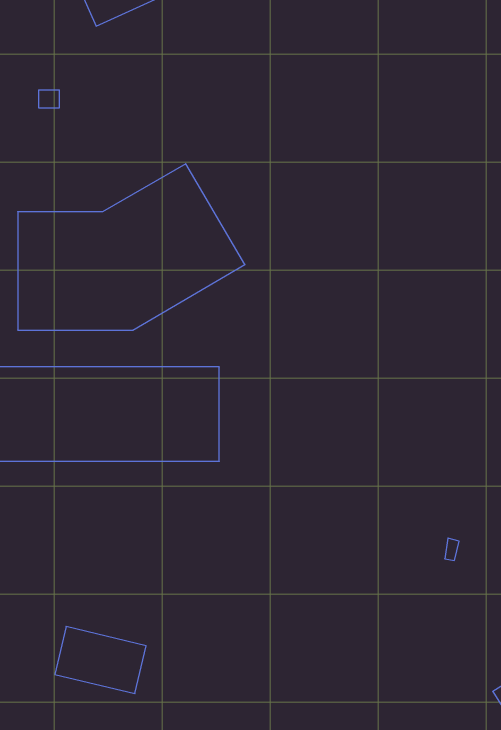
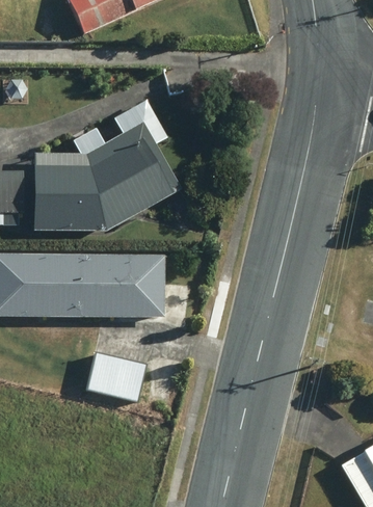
building: [55,626,146,694] -> [87,352,146,396]

